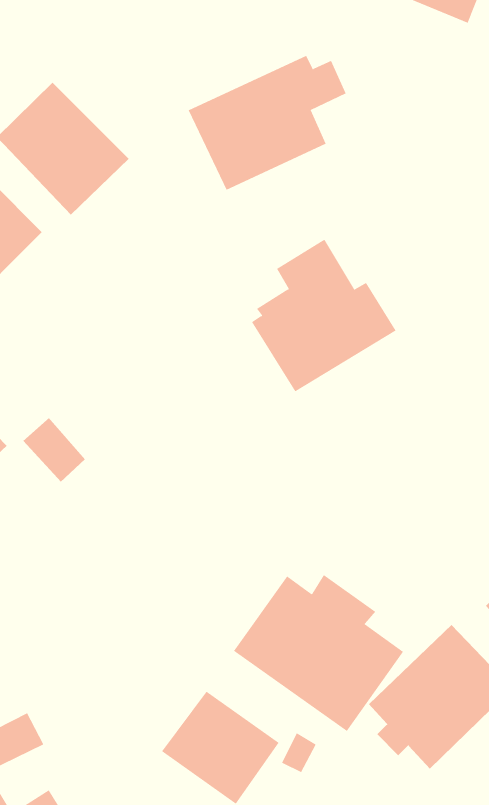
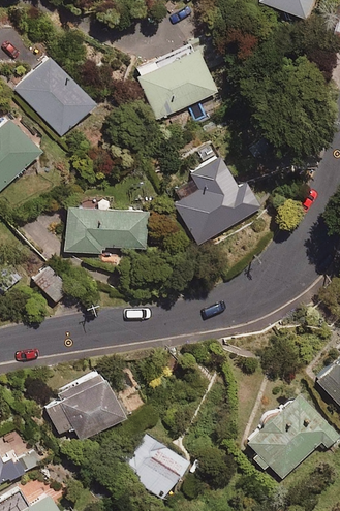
building: none -> [66,206,148,254]
building: [233,574,404,732] -> none
building: none -> [40,375,125,441]

